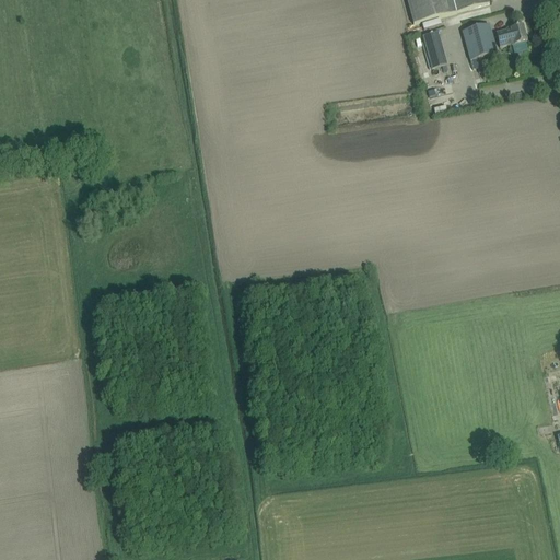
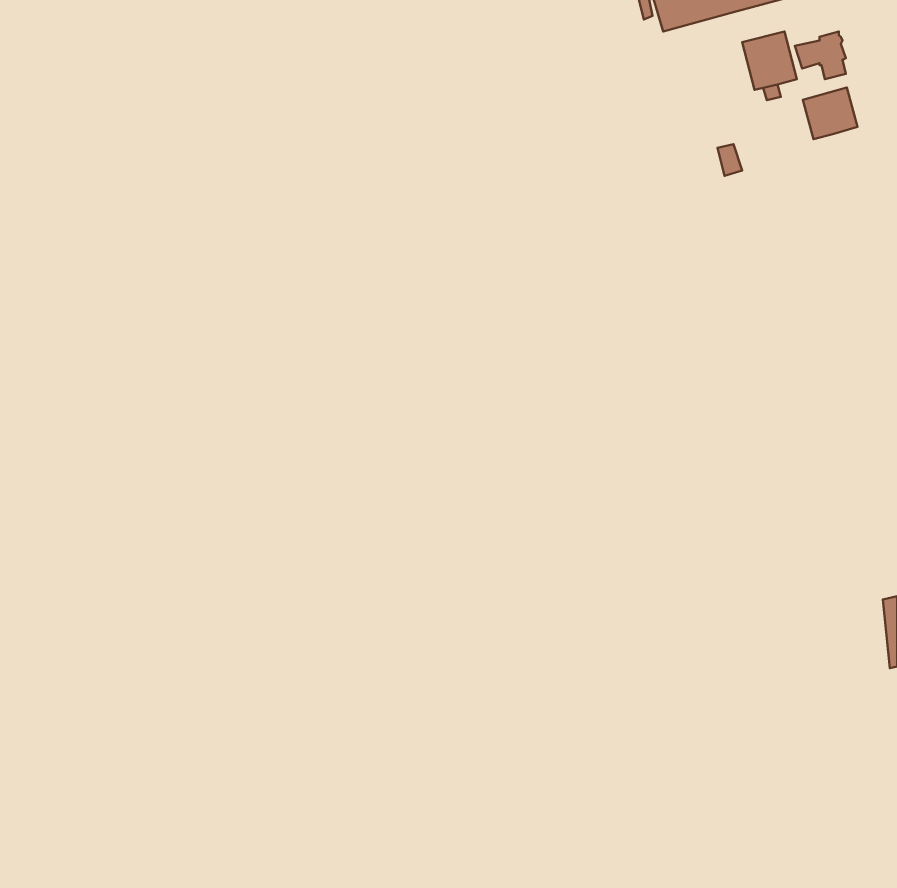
building: [425,31,451,67] -> none
building: none -> [803,88,857,139]

